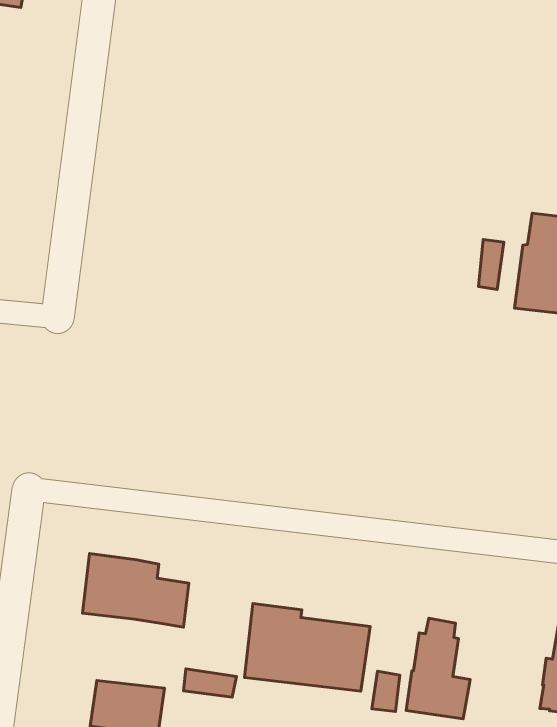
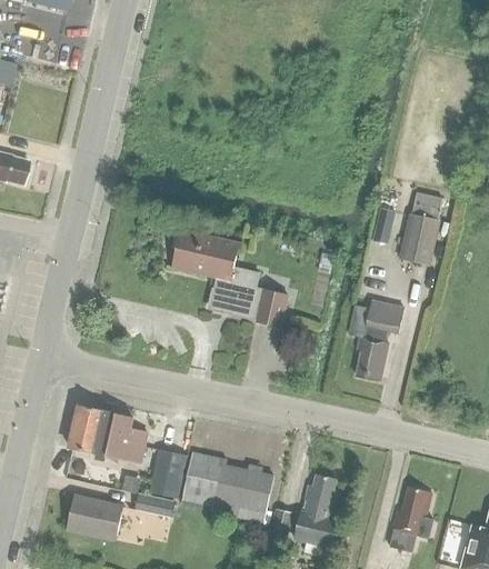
building: none -> [171,229,287,327]
building: none -> [347,299,403,380]
building: none -> [148,449,186,497]

